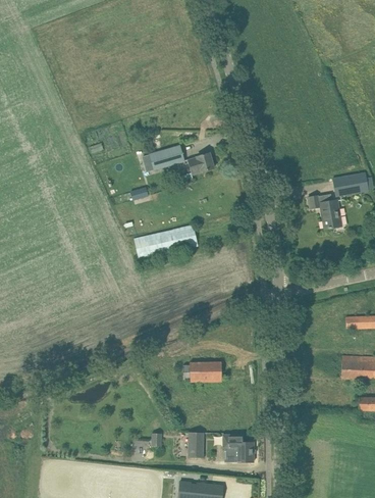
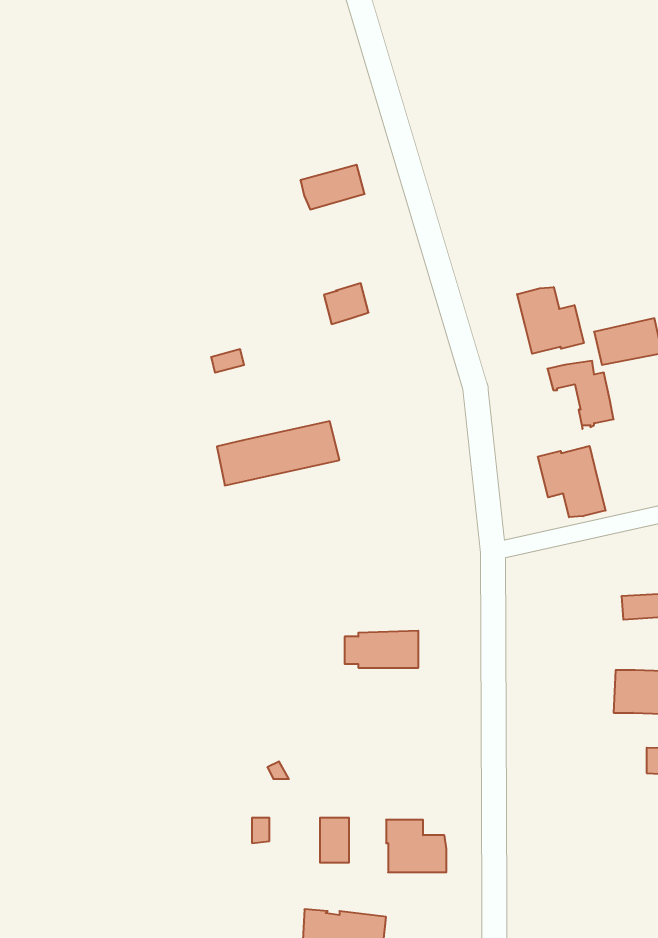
building: [150,145,183,168] -> [300,165,365,209]
building: none -> [517,287,584,354]
building: none -> [538,446,606,517]
building: [182,361,221,381] -> [345,631,418,668]

